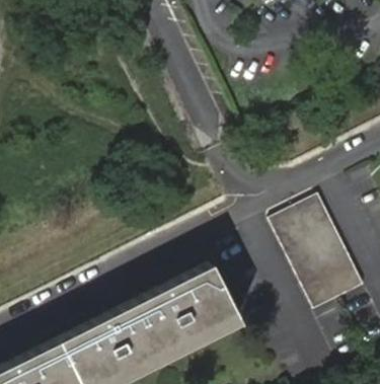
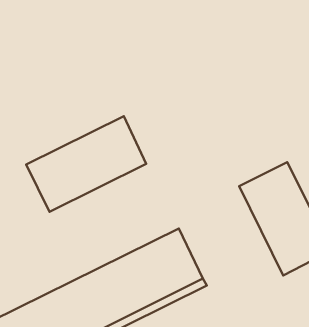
building: none -> [26,116,146,212]

